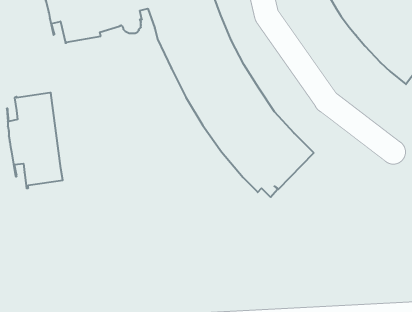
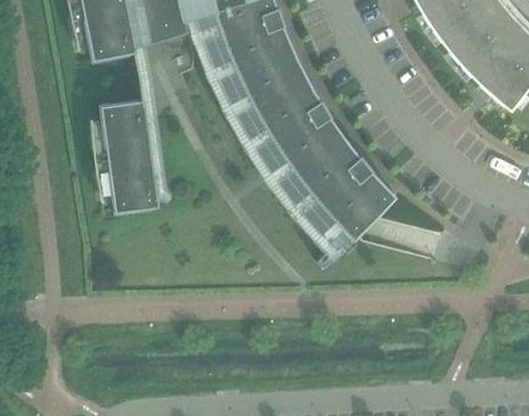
building: [7,93,63,188] -> [91,100,160,216]

